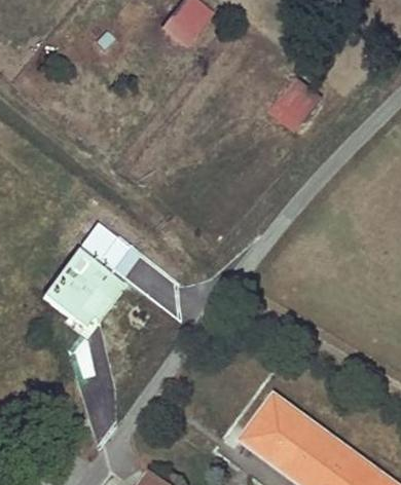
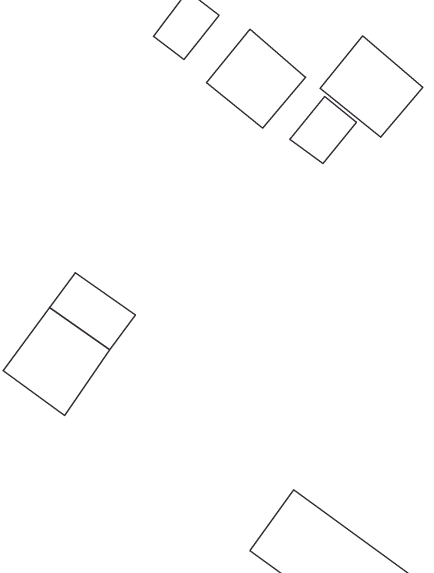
building: none -> [207,29,306,128]
building: none -> [320,36,423,137]

